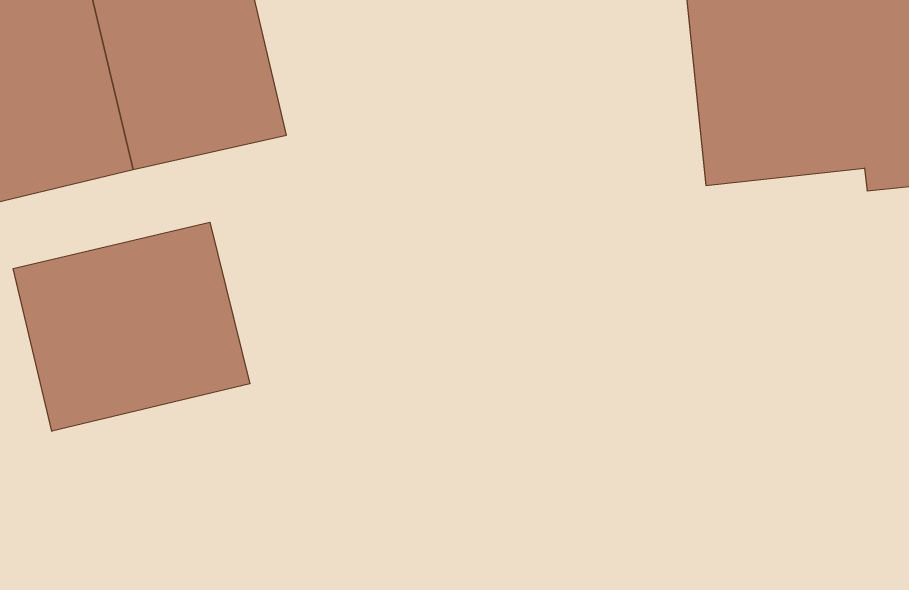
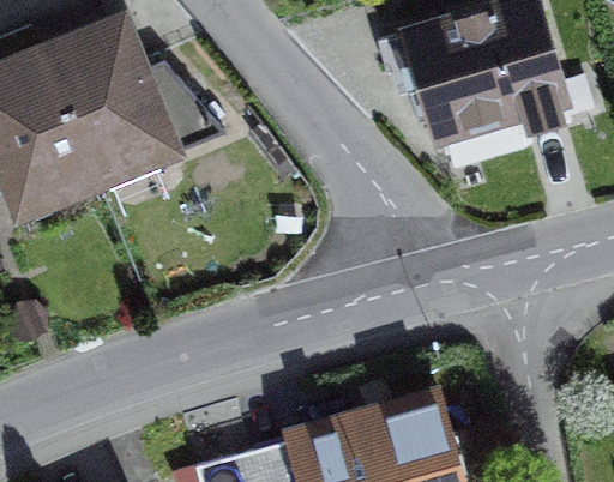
building: [13,222,250,431] -> none

